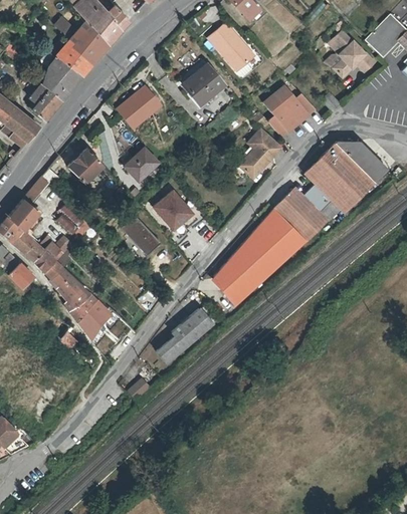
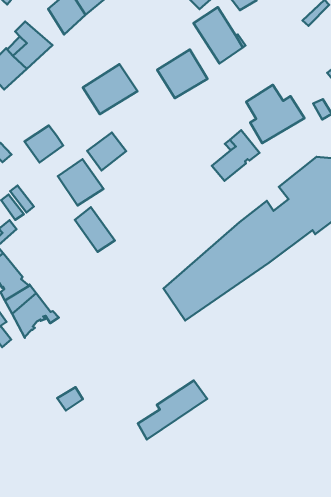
building: [48,43,91,75] -> none
building: [154,190,196,232] -> [58,159,103,206]
building: [154,306,213,364] -> [138,380,207,439]

